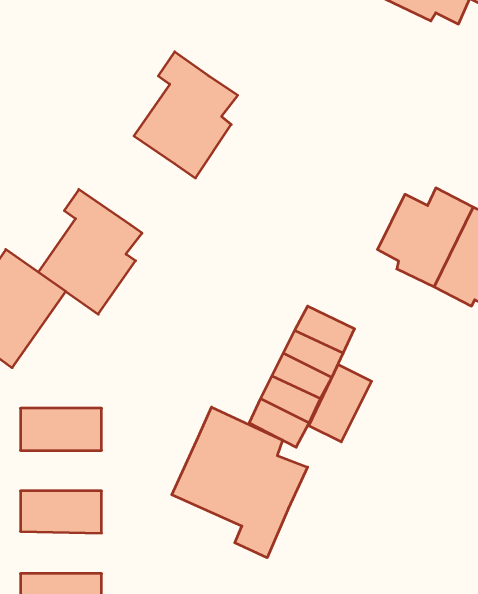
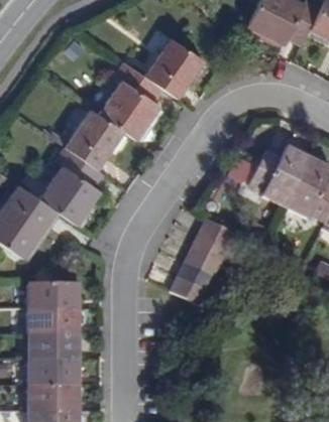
building: none -> [145,38,203,99]
building: none -> [65,109,124,169]
building: [309,364,372,442] -> none
building: [172,407,308,558] -> none
building: none -> [28,309,79,334]
building: none -> [28,360,79,386]

